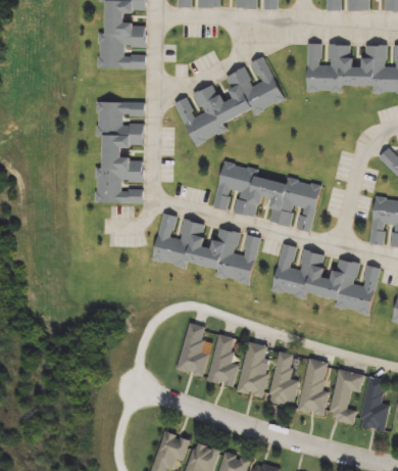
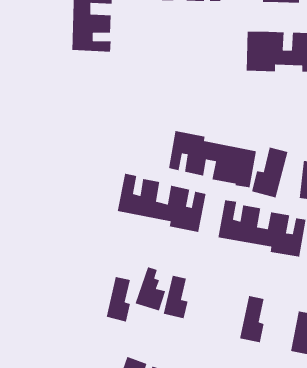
building: [175,56,284,145] -> none
building: [96,101,145,203] -> none
building: none -> [251,146,288,198]
building: [238,342,267,397] -> [106,276,131,322]
building: [268,351,298,407] -> none
building: [329,370,364,423] -> none

